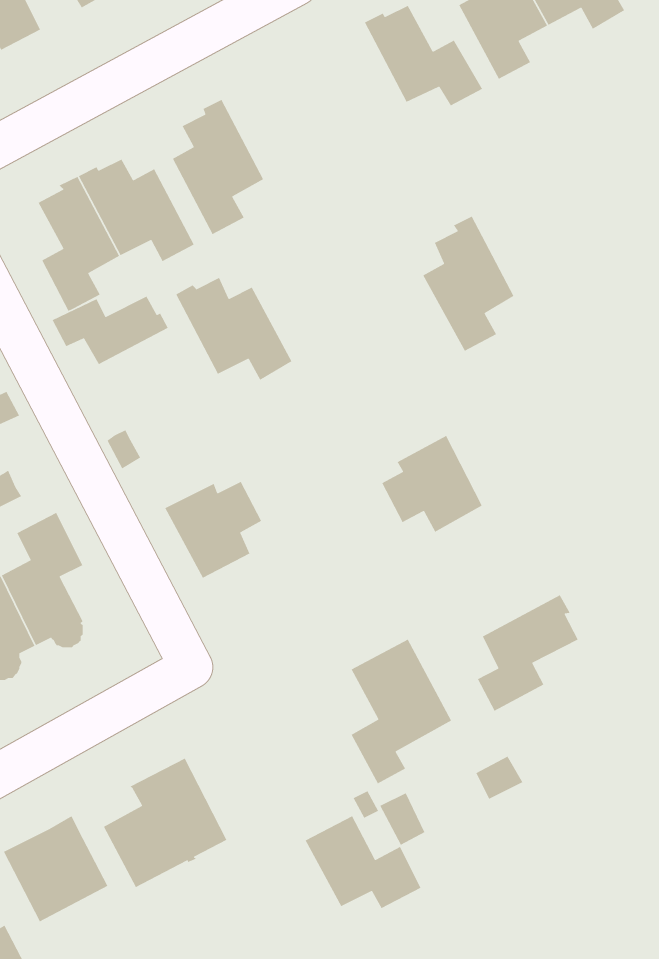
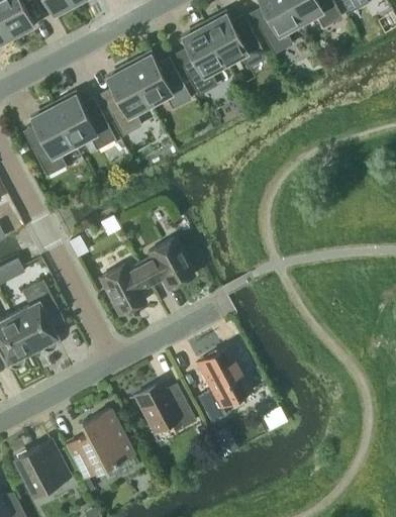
building: [422,216,514,352] -> [178,22,226,94]
building: [175,277,292,381] -> [129,54,191,108]
building: [52,296,169,365] -> none
building: [381,435,483,533] -> [139,238,193,290]
building: [477,594,579,712] -> none
building: [304,815,422,909] -> [134,383,196,432]

